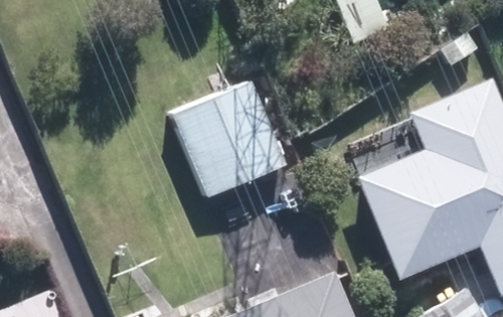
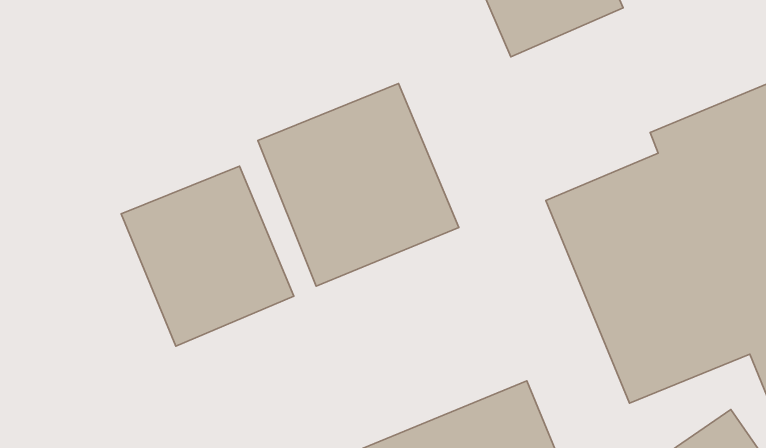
building: none -> [121,166,294,346]

